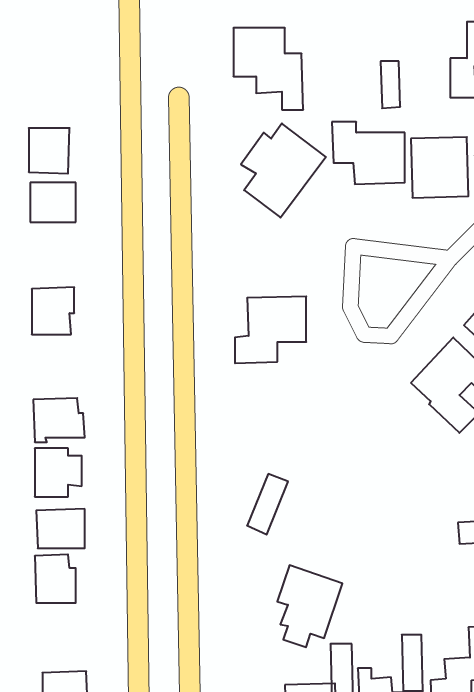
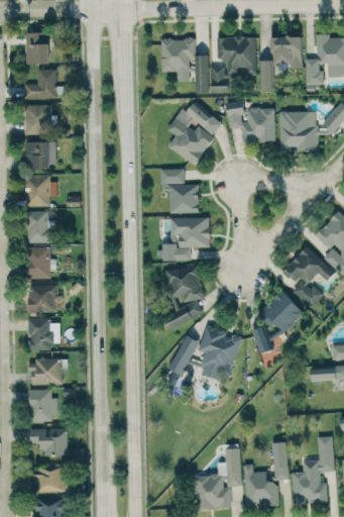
building: none -> [27,32,49,65]
building: none -> [211,36,256,93]
building: none -> [272,36,303,69]
building: none -> [25,69,56,99]
building: none -> [161,169,199,213]
building: none -> [26,176,58,206]
building: none -> [29,246,56,279]
building: none -> [163,267,206,330]
building: none -> [250,291,304,352]
building: [277,565,342,647] -> [199,325,242,380]
building: none -> [30,429,68,456]

